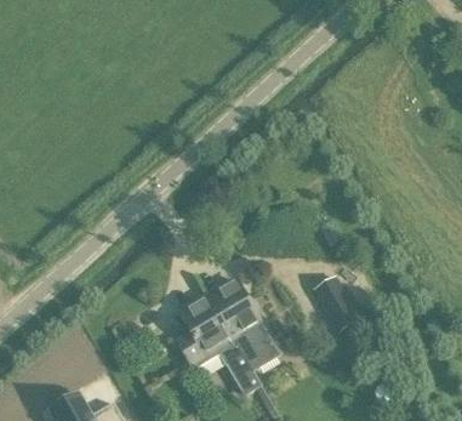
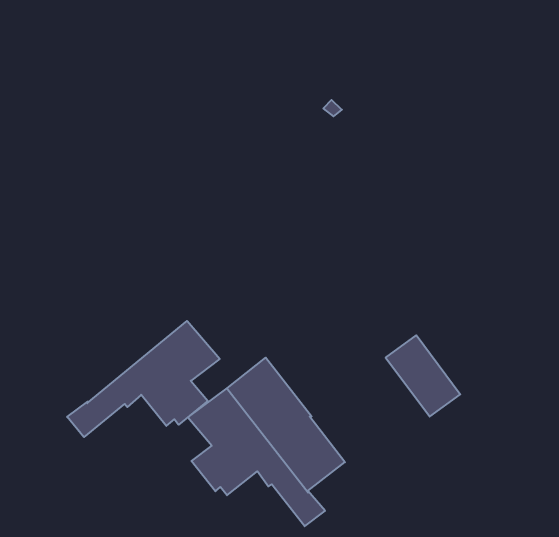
building: none -> [67,321,220,437]

